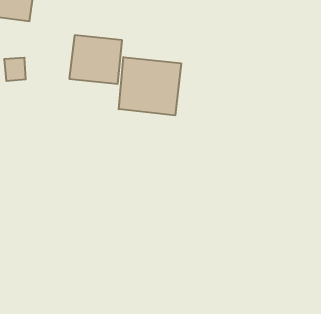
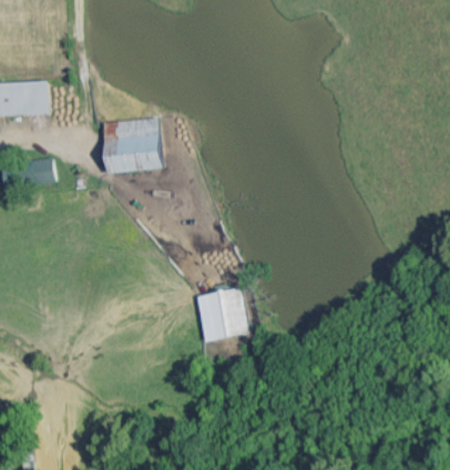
building: [119,57,181,115] -> none
building: none -> [197,288,249,340]

